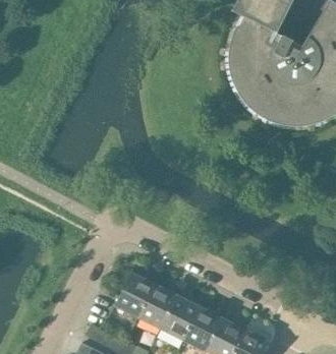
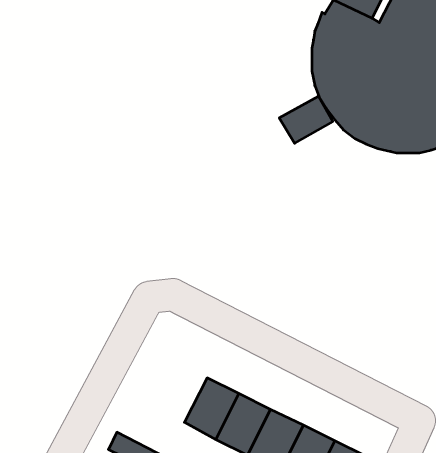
building: none -> [279,96,333,143]
building: [115,274,155,317] -> none

